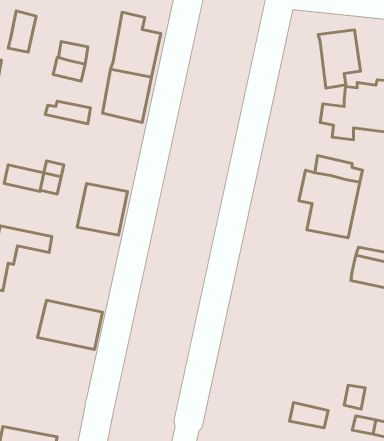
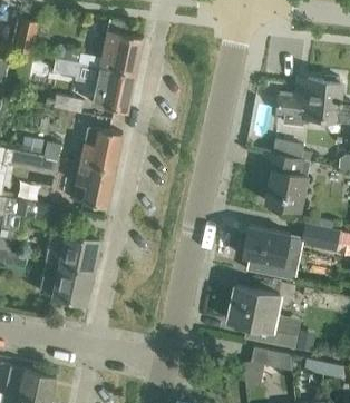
building: [318,30,360,88] -> none
building: none -> [80,128,123,171]
building: none -> [242,227,300,279]
building: none -> [47,233,100,273]
building: none -> [229,287,301,350]

